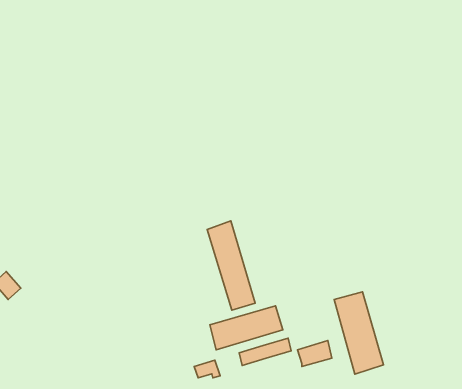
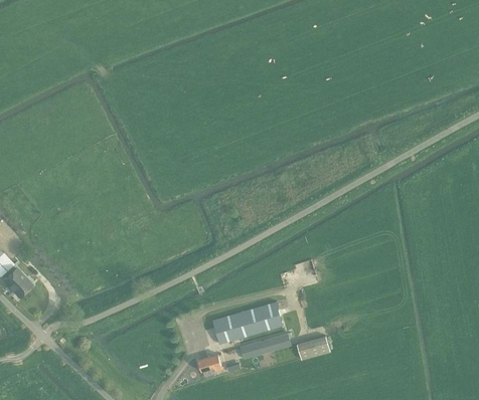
building: [207,221,255,310] -> none
building: [334,292,384,374] -> none

